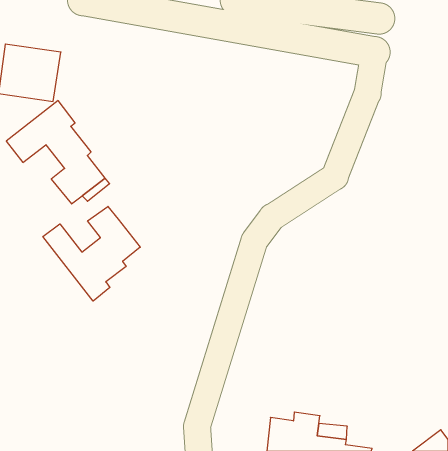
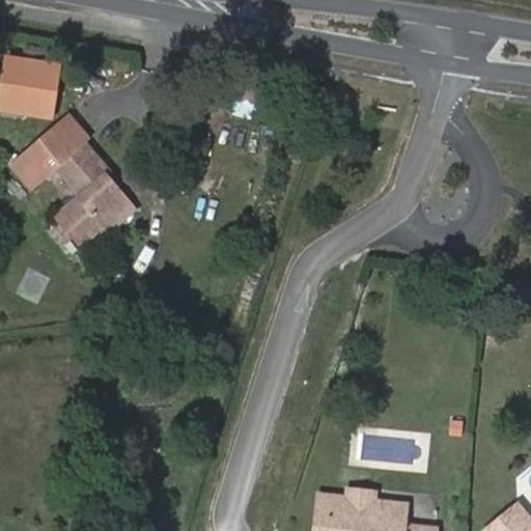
building: [43,206,140,301] -> none

